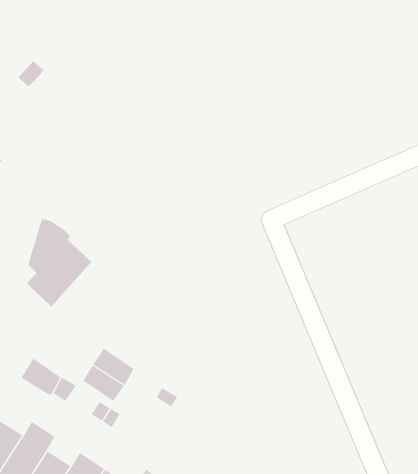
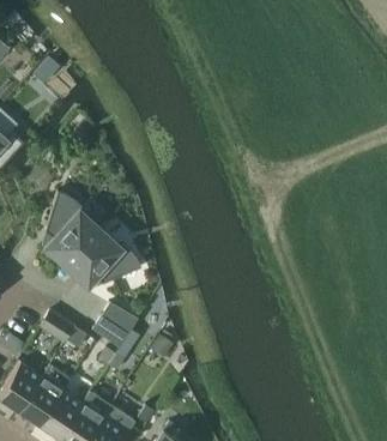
building: none -> [66,229,141,286]

